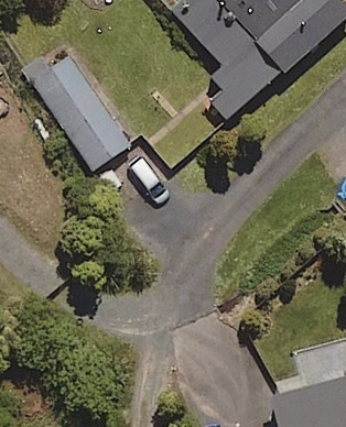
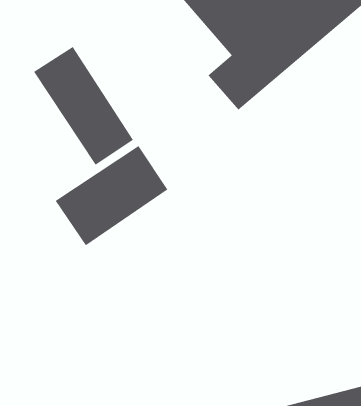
building: none -> [55,145,168,246]

